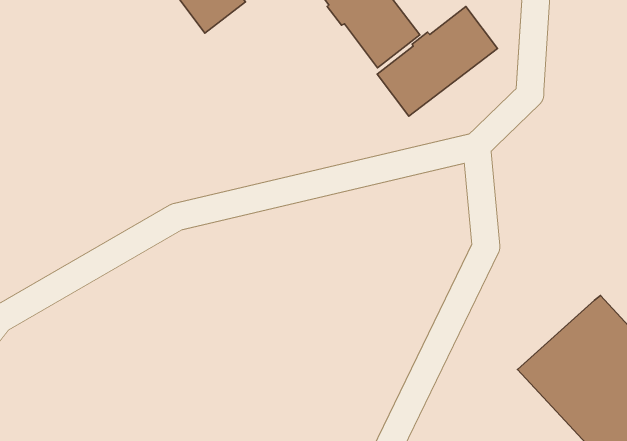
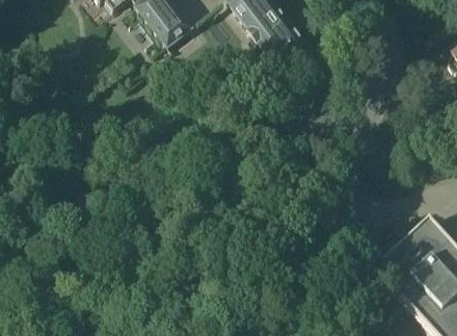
building: [377,6,498,116] -> none

